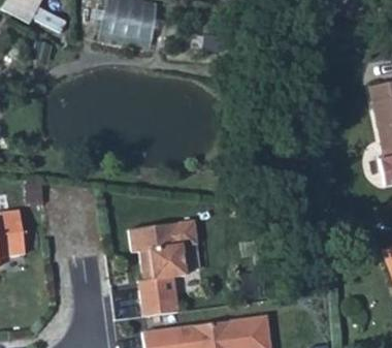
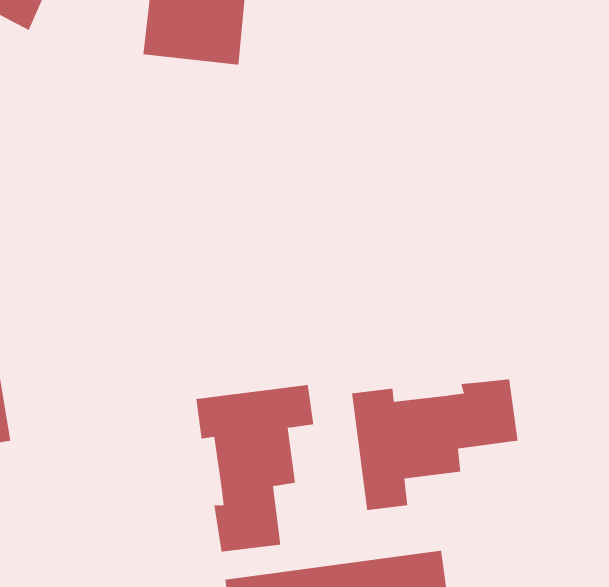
building: none -> [352,379,518,511]

